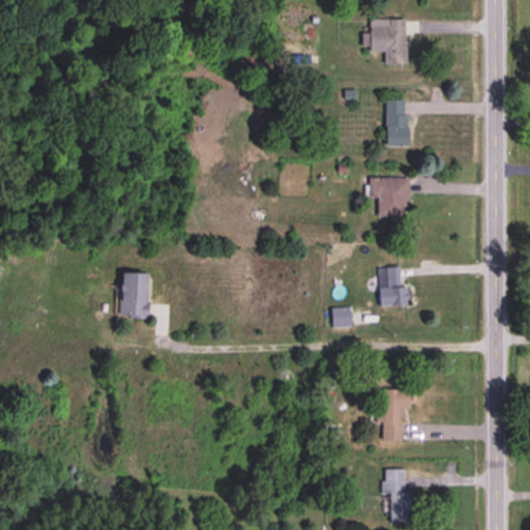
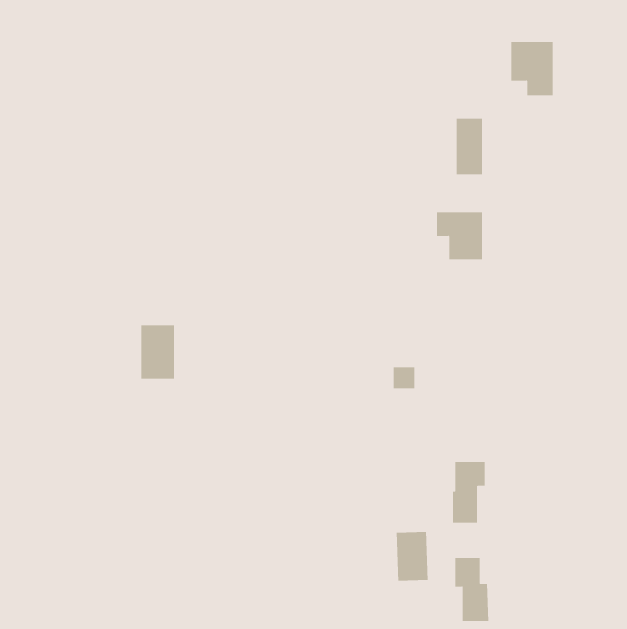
building: [371,19,407,64] -> [510,42,554,96]
building: [379,267,407,305] -> none
building: none -> [396,531,428,582]

